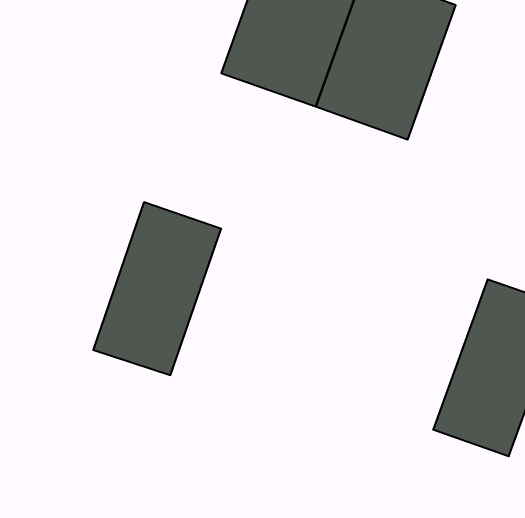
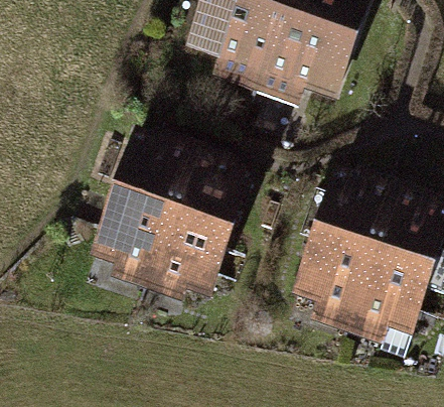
building: none -> [147,175,242,306]
building: none -> [290,190,387,327]

